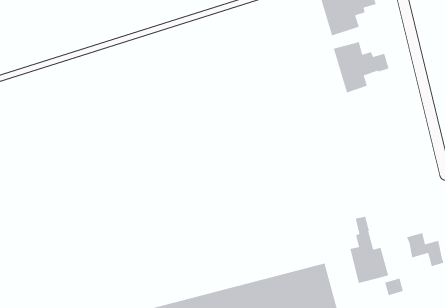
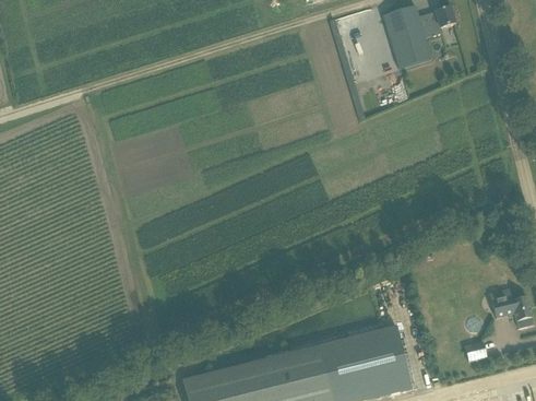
building: [333,41,389,93] -> none
building: [349,216,389,284] -> none

